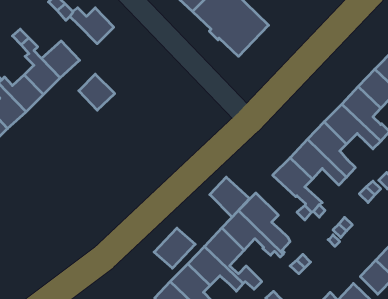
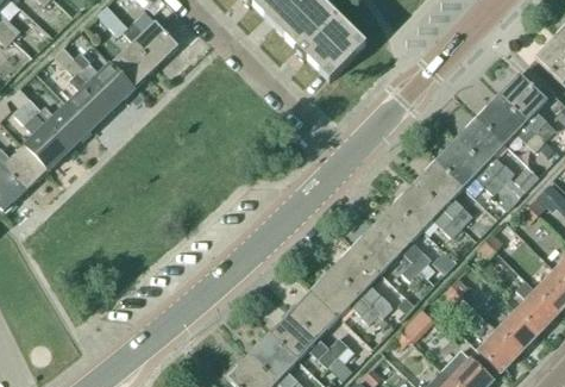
building: [79,74,115,110] -> [113,42,157,86]
building: [210,177,250,217] -> [351,226,400,275]
building: [154,228,195,268] -> none

